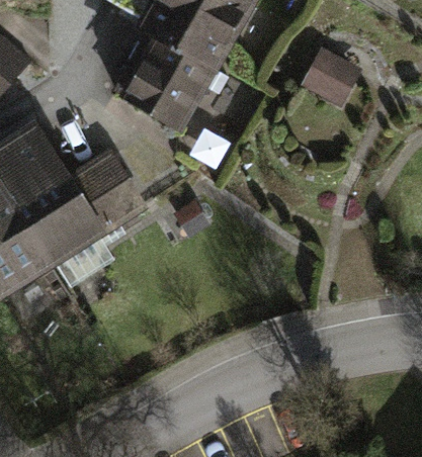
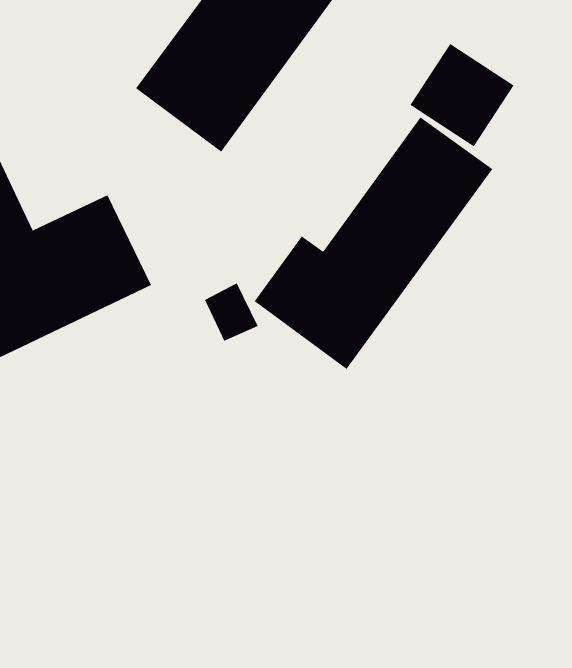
building: none -> [254,117,493,370]

